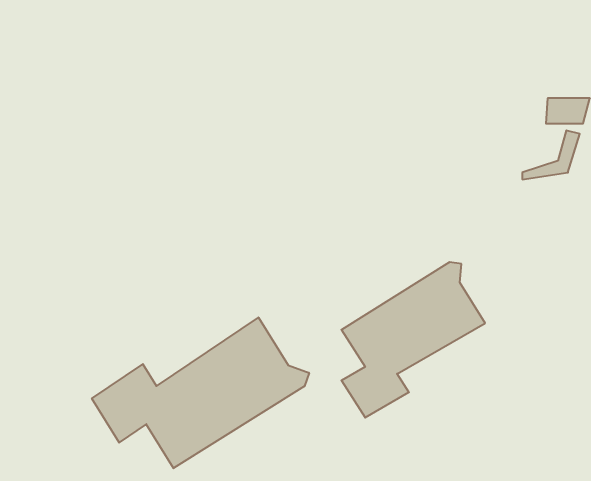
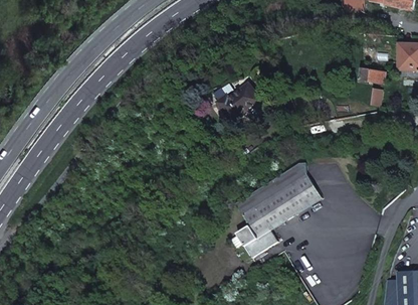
building: none -> [218,83,261,119]
building: [92,317,309,468] -> none

